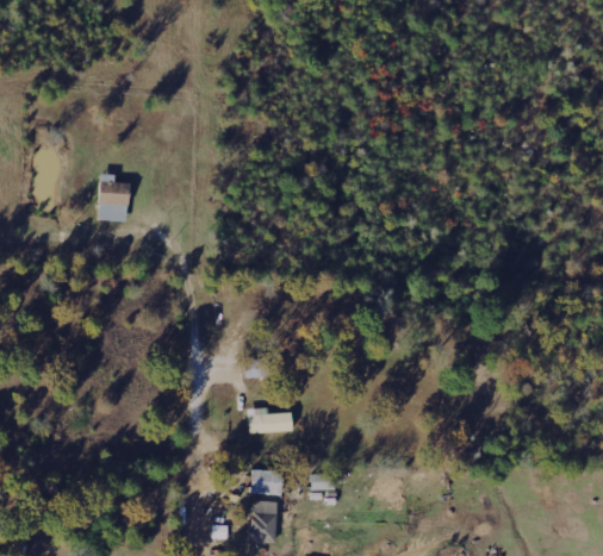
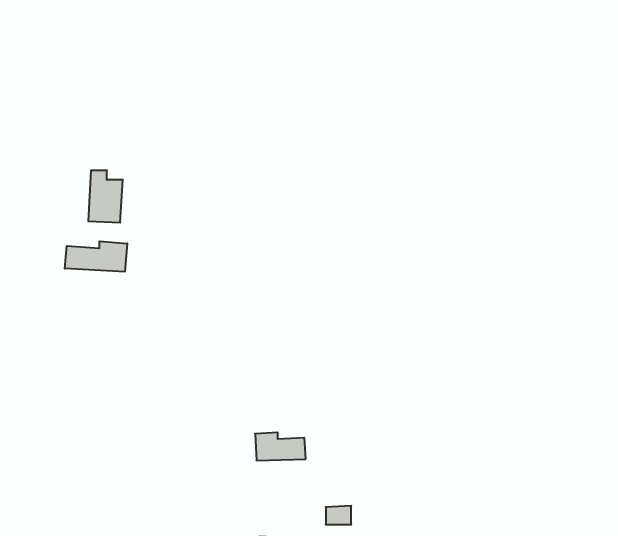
building: none -> [65,241,127,272]
building: [251,470,282,494] -> none

